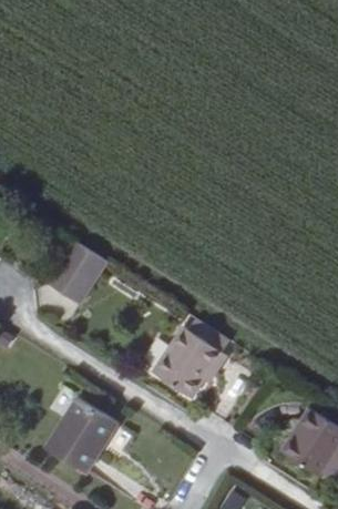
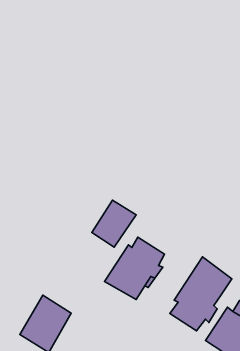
building: [43,238,101,299] -> [92,200,136,247]
building: none -> [170,257,232,331]

